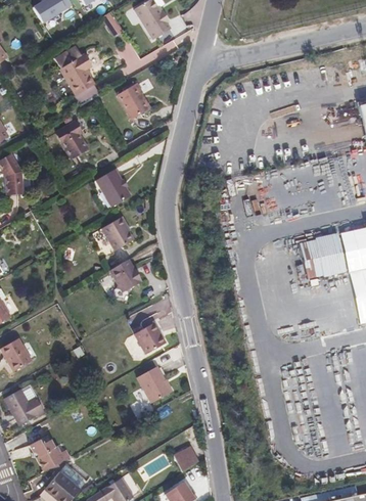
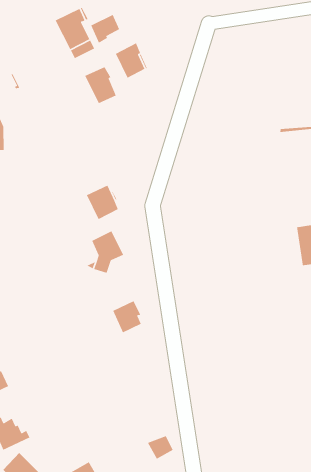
building: none -> [90,14,120,44]
building: [56,122,88,157] -> [84,66,117,104]
building: [96,169,132,207] -> none
building: [136,366,171,403] -> none

